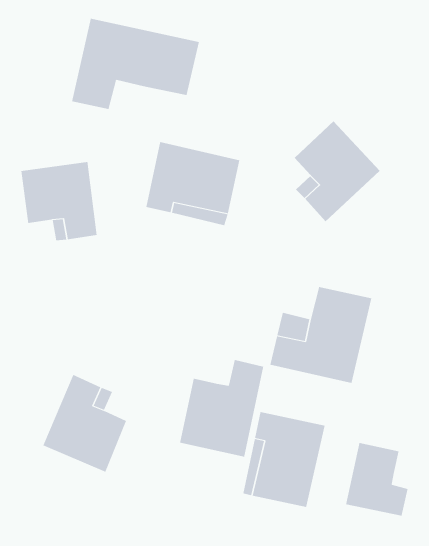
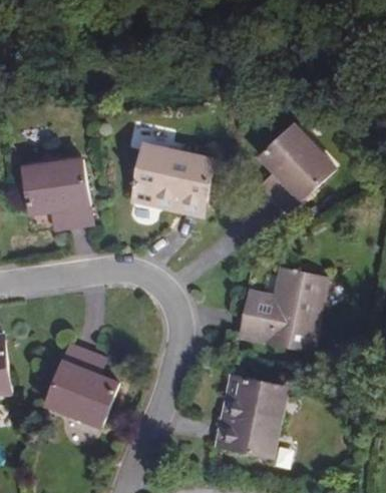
building: [71,18,200,110] -> none
building: [180,359,264,457] -> none
building: [345,442,408,517] -> none

